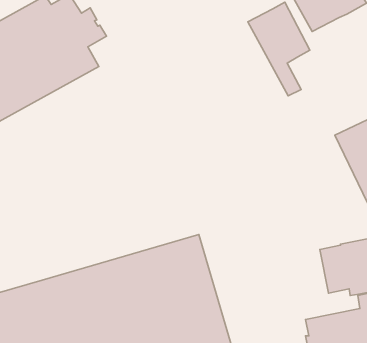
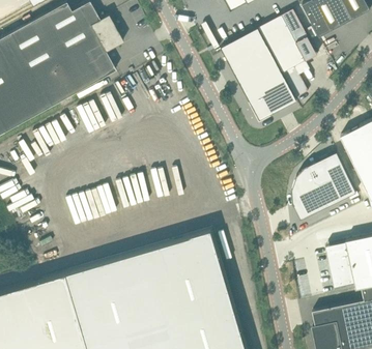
building: none -> [220,29,296,122]
building: none -> [290,152,356,221]

